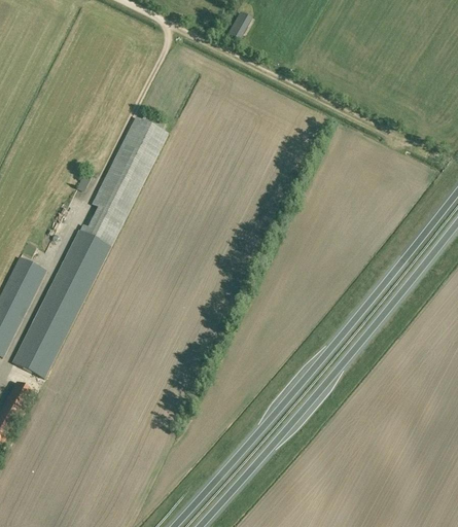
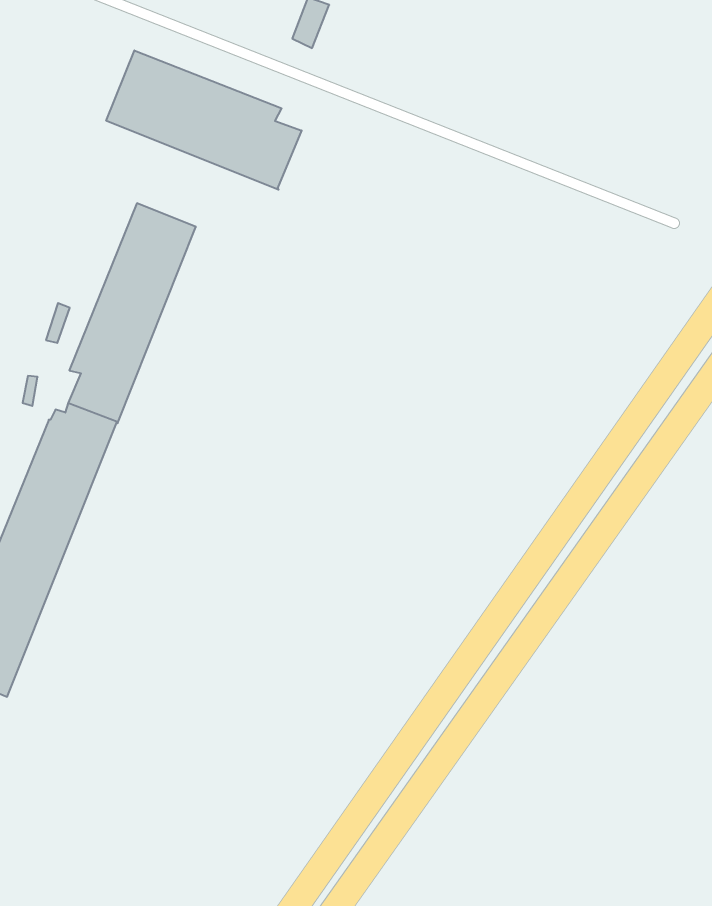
building: none -> [106,50,302,190]

